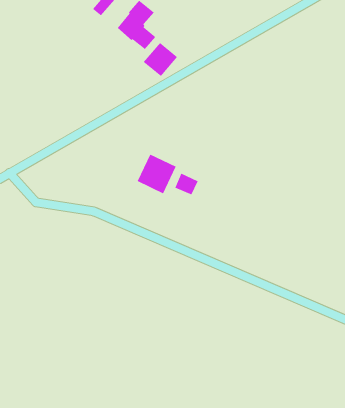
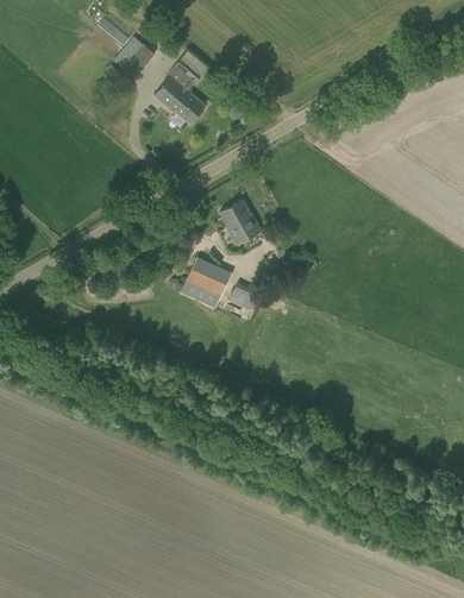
building: [143,42,178,77] -> none
building: none -> [218,199,261,244]

